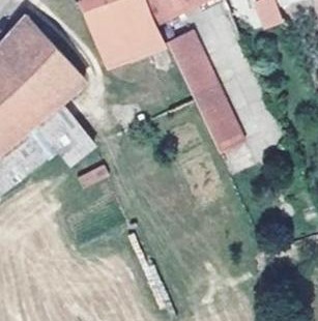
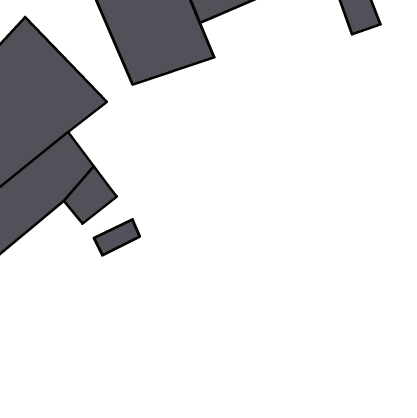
building: [168,26,245,151] -> none

